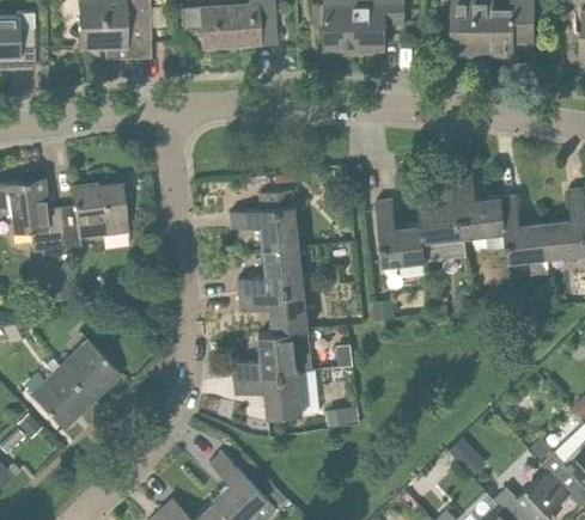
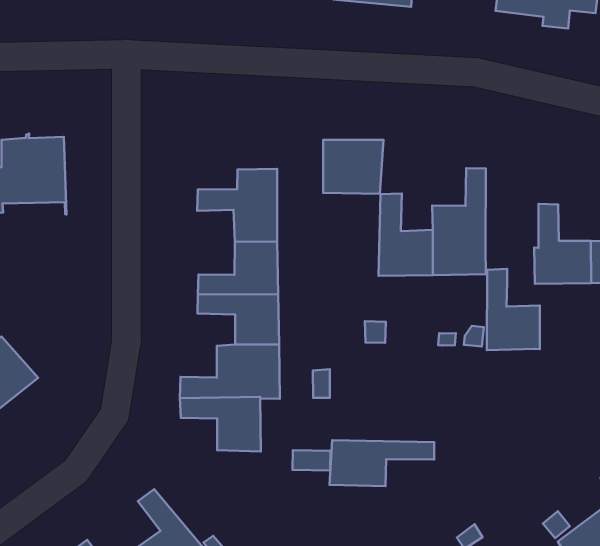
building: none -> [323,140,384,194]
building: [457,171,505,237] -> [487,269,540,350]
building: none -> [329,440,434,486]

